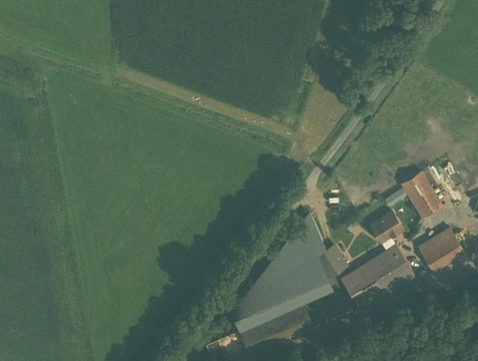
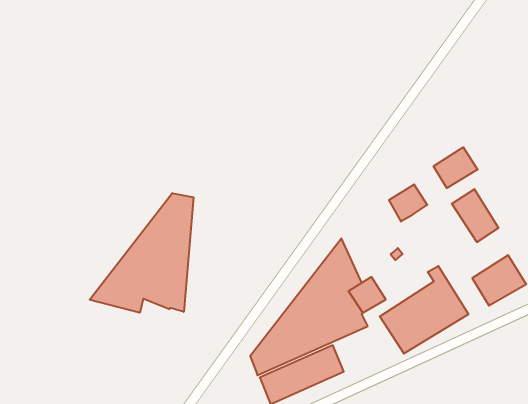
building: none -> [434,147,478,188]
building: none -> [90,193,193,313]
building: [371,211,403,242] -> [389,184,427,222]

